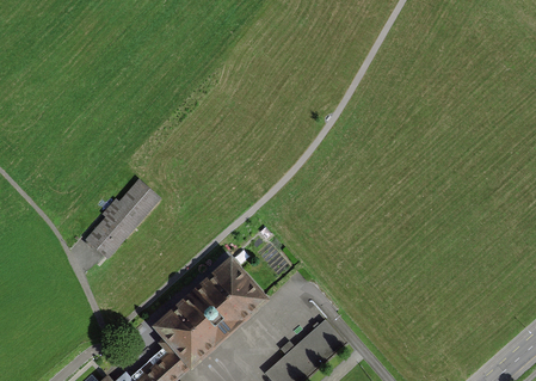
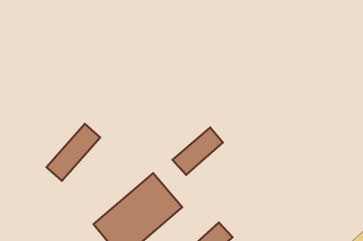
building: none -> [173,128,223,175]

